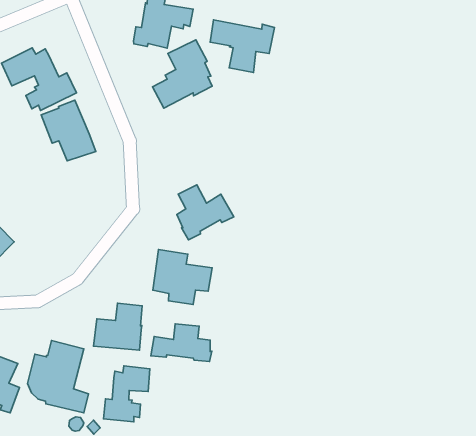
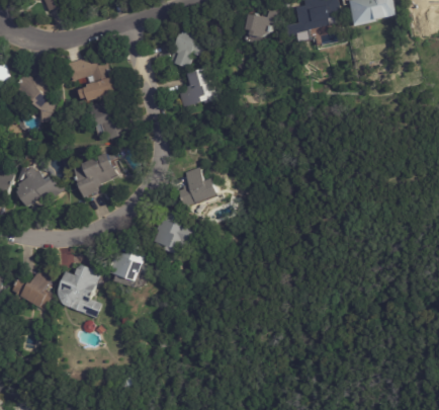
building: [210,20,274,73] -> none
building: none -> [71,151,118,196]
building: [151,324,212,361] -> none
building: [103,366,150,422] -> none

